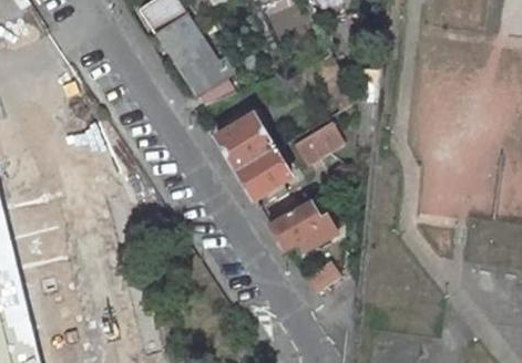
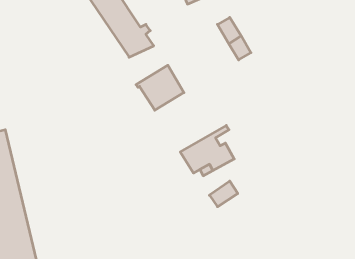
building: [294,121,342,163] -> none
building: [236,148,290,198] -> none

